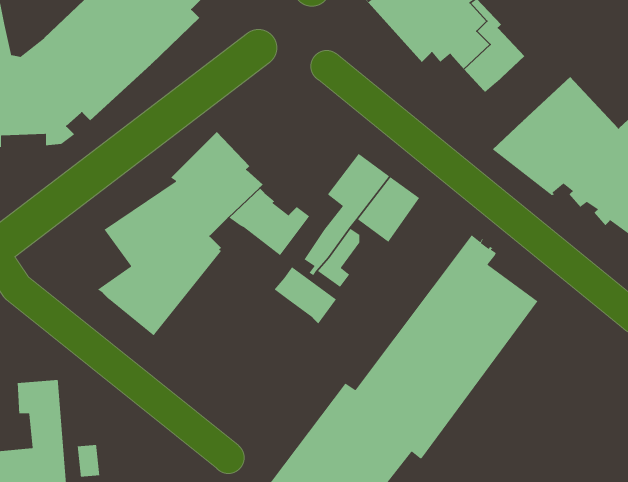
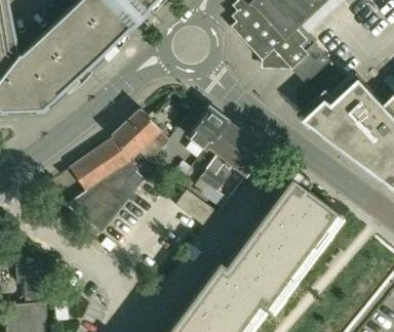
building: none -> [187,109,227,151]

